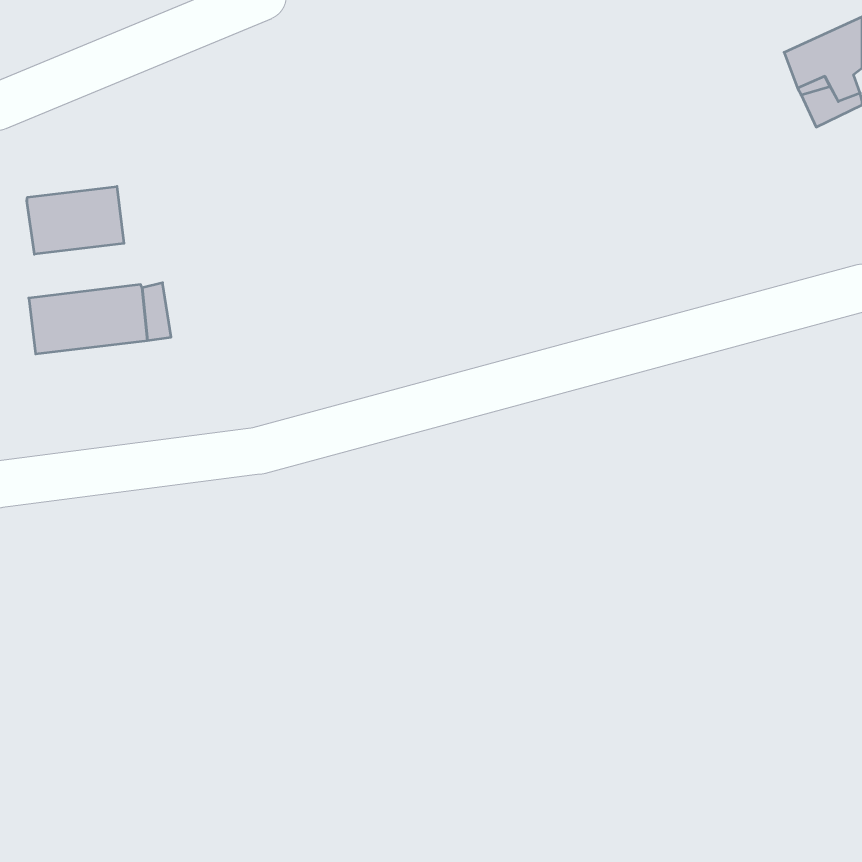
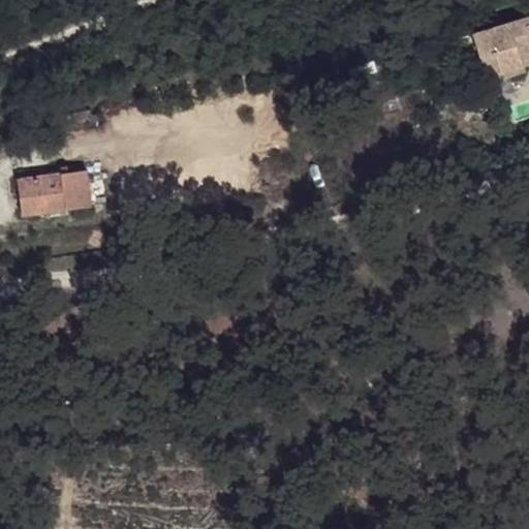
building: [27,186,124,254] -> none

